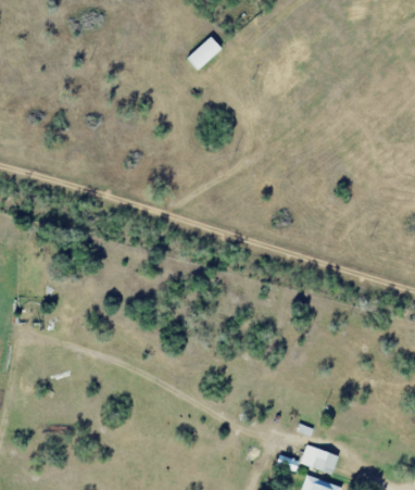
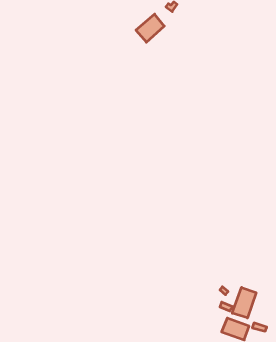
building: none -> [232,287,256,318]

